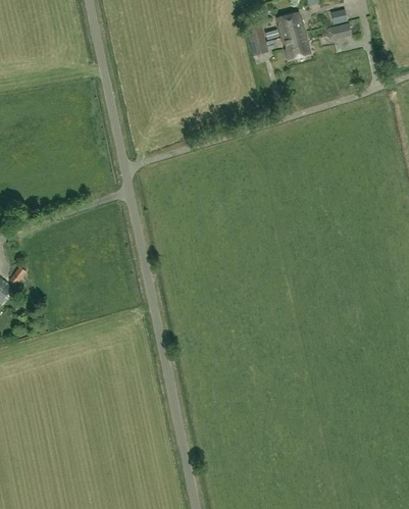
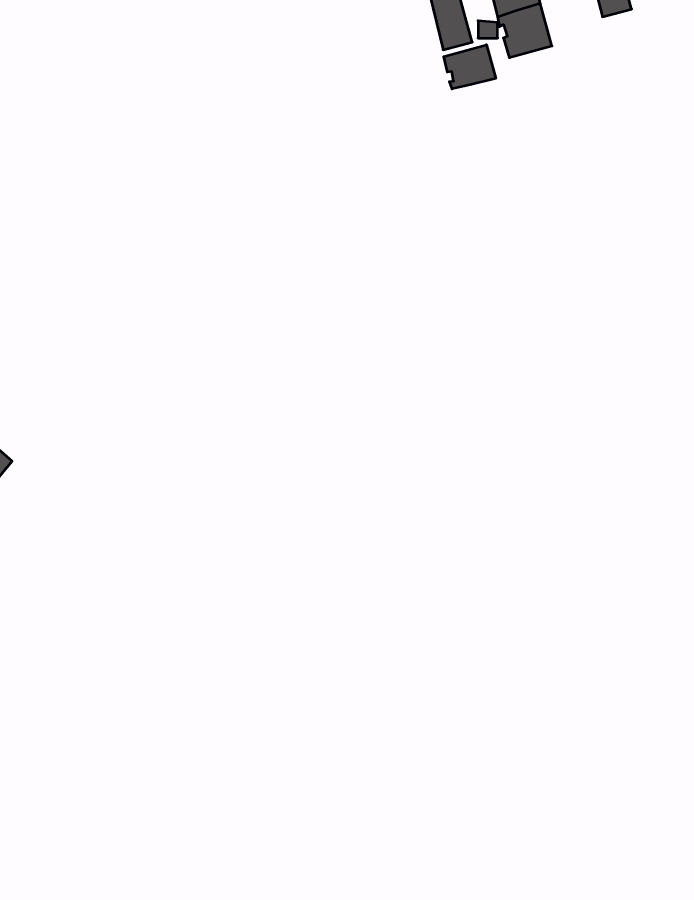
building: none -> [444,45,496,89]

